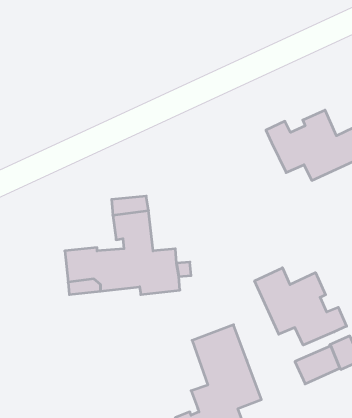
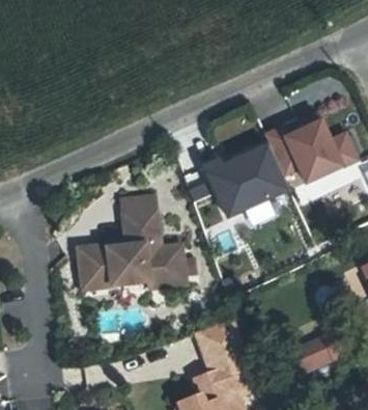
building: none -> [205,146,290,218]
building: [255,268,347,345] -> none

